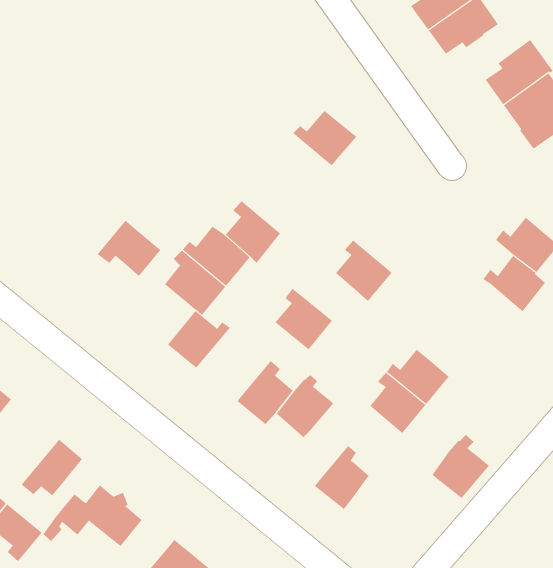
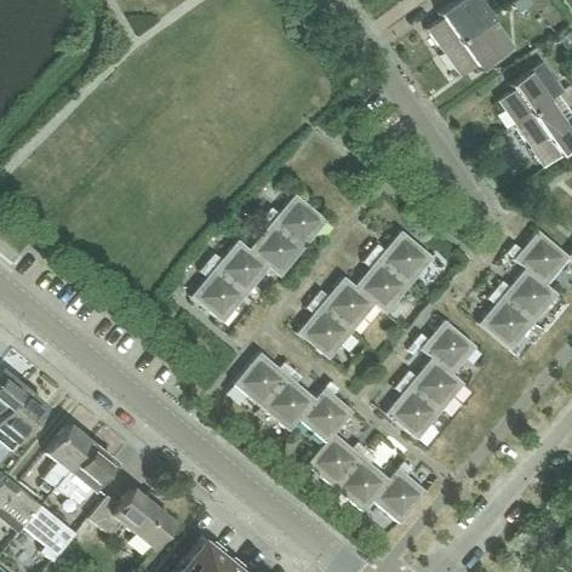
building: [293,110,357,166] -> [267,194,328,247]
building: none -> [373,229,434,285]
building: [97,220,161,277] -> none
building: none -> [315,276,377,331]
building: none -> [481,291,536,350]
building: none -> [417,320,480,376]
building: [167,310,231,368] -> [234,351,294,407]
building: none -> [45,424,92,487]
building: none -> [308,434,368,488]
building: [431,434,490,499] -> [373,462,429,524]

